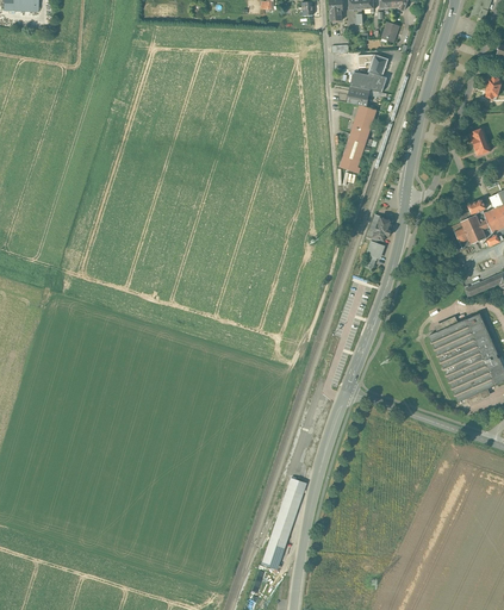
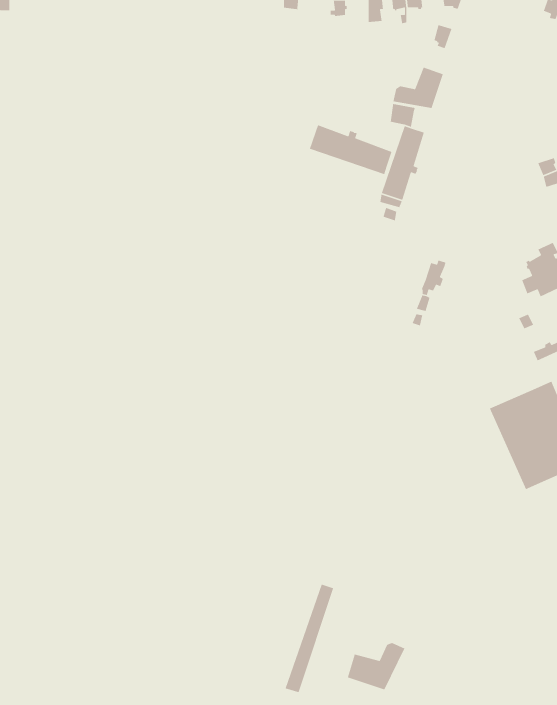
building: none -> [309,124,393,175]
building: none -> [347,642,405,691]

